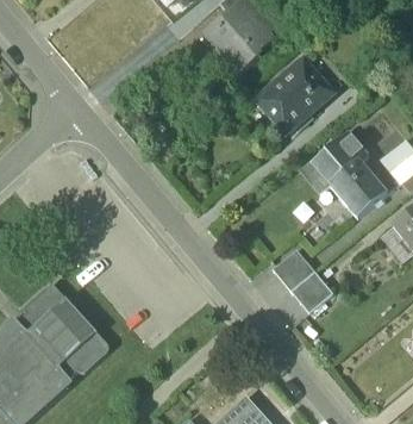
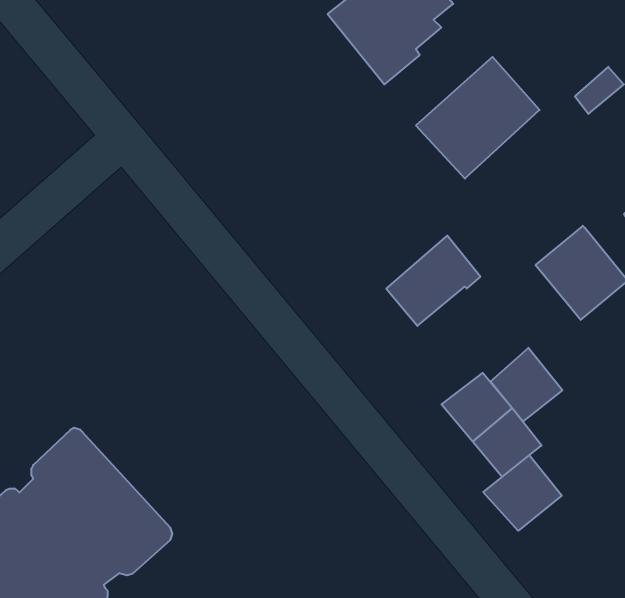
building: [311,129,368,183] -> [386,236,480,326]
building: none -> [491,348,562,422]
building: none -> [483,455,562,531]

